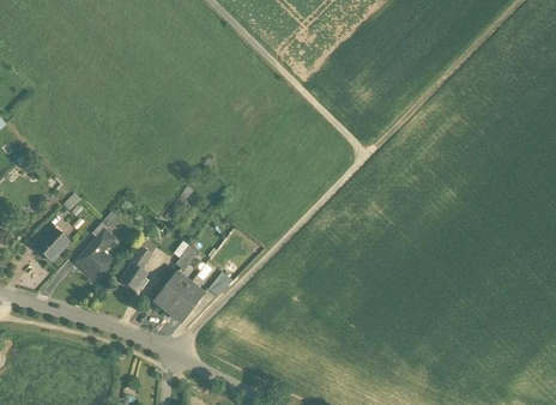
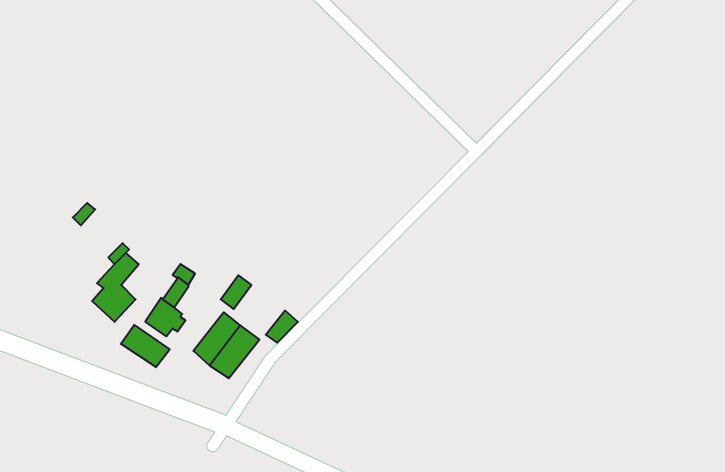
building: [35,226,70,261] -> none
building: none -> [121,325,170,367]

